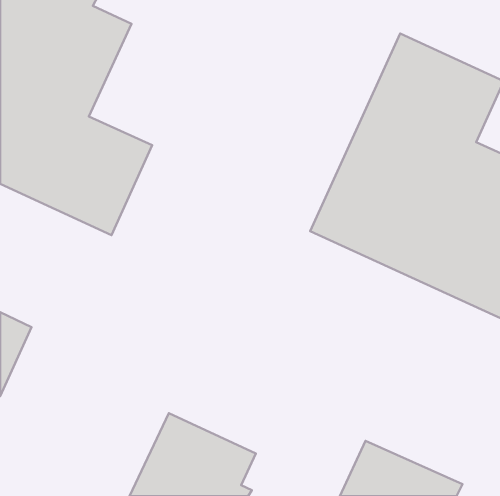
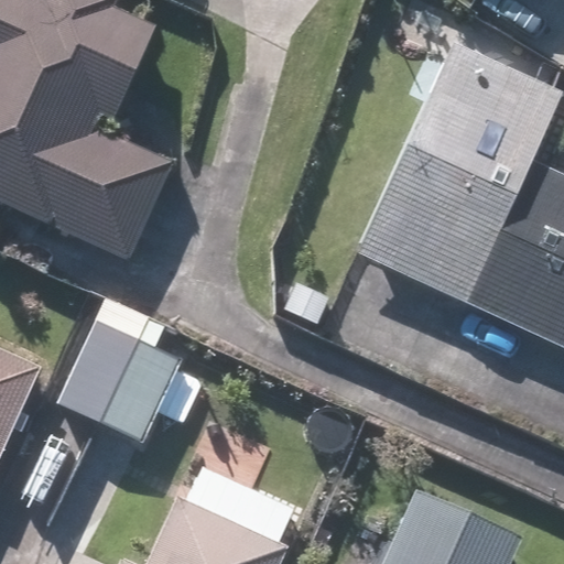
building: none -> [53,312,187,448]

